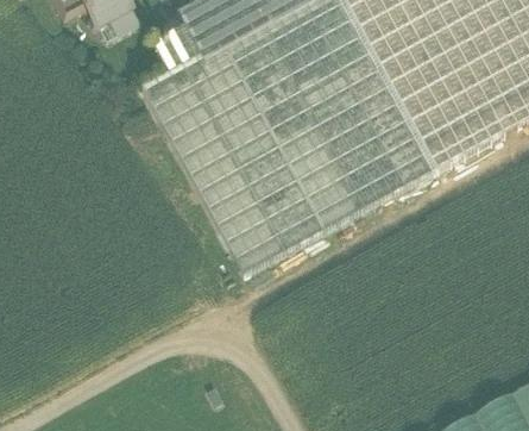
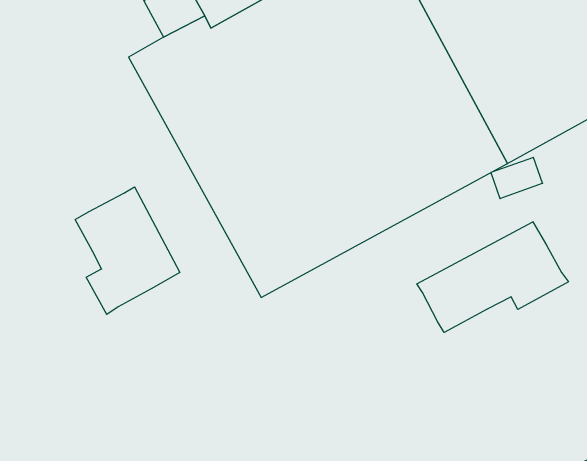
building: none -> [75,187,180,314]
building: none -> [417,222,568,332]

